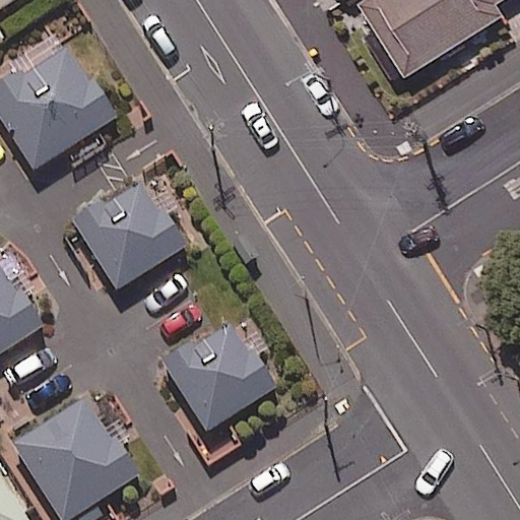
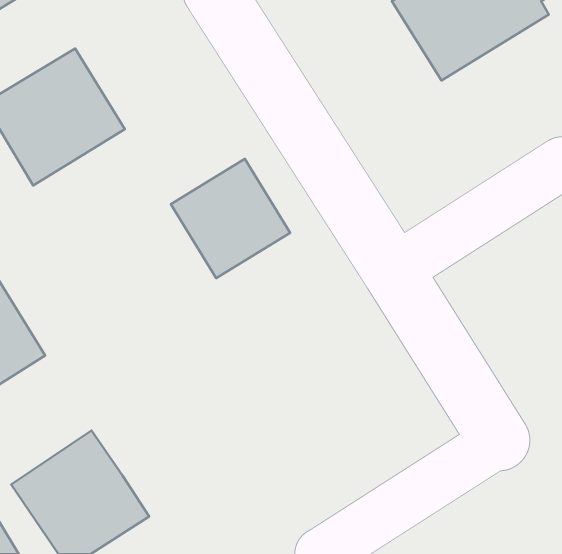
building: [74,180,184,289] -> [171,159,290,278]
building: [165,322,273,431] -> none

